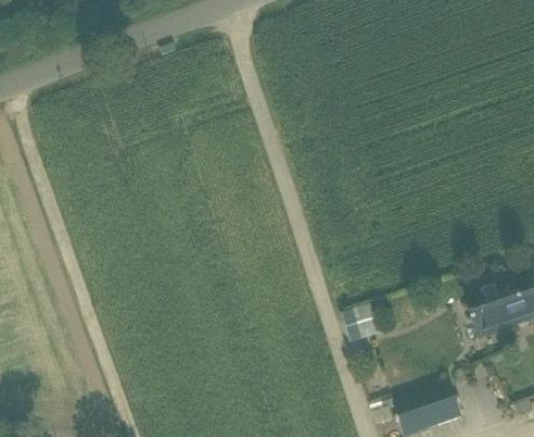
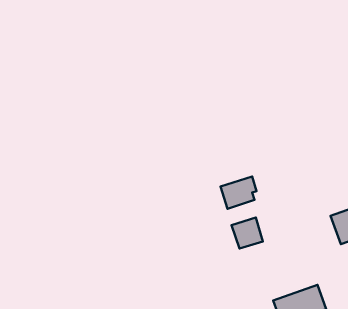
building: none -> [221,176,257,209]

